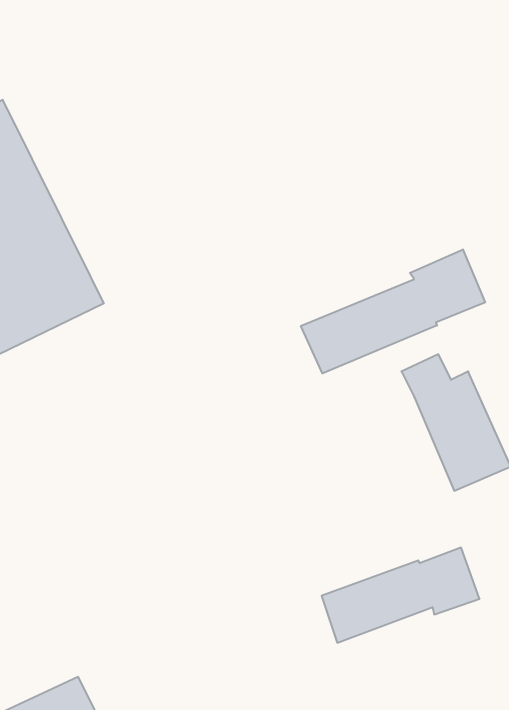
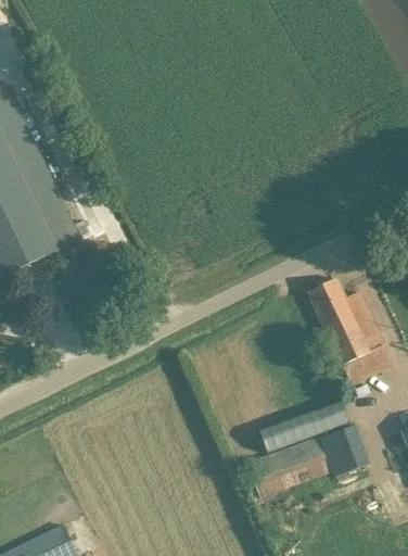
building: [301,249,485,373] -> none
building: none -> [256,404,344,447]

